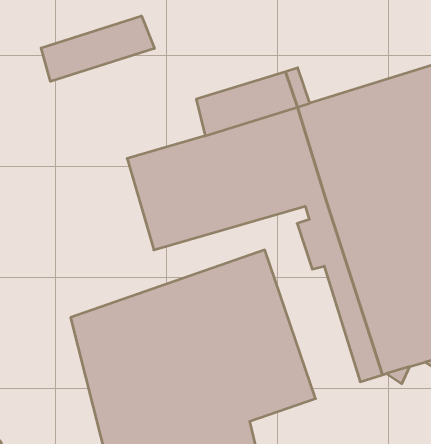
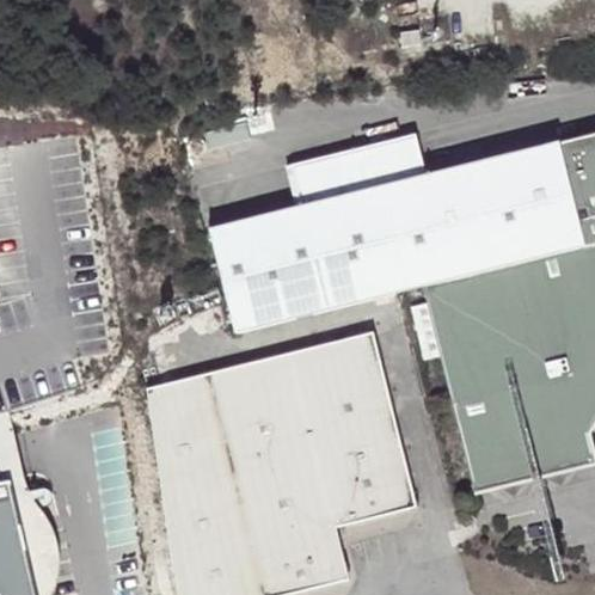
building: [41,16,154,81] -> none

